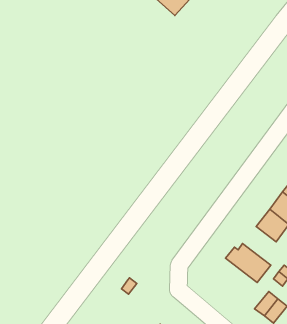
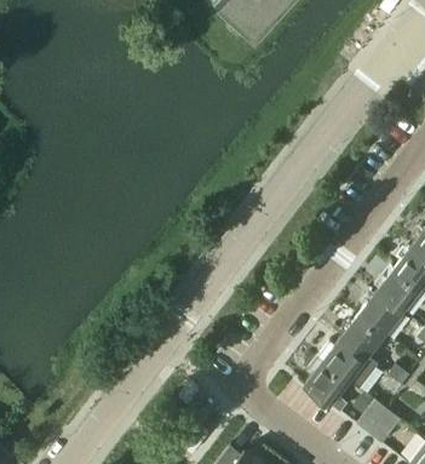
building: none -> [341,315,386,359]
building: none -> [305,357,350,412]

